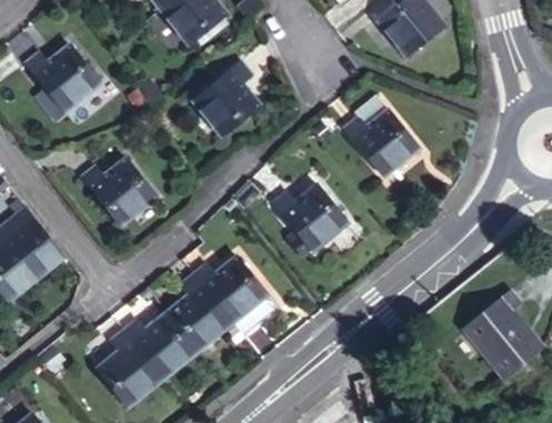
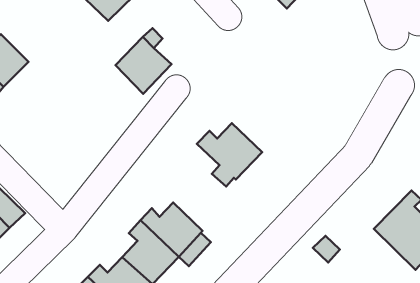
building: [345,108,418,173] -> none
building: [84,158,153,219] -> none

